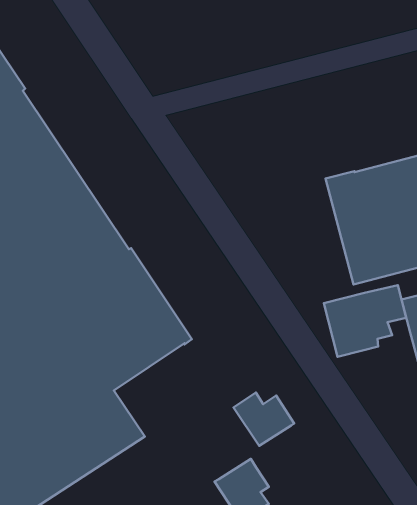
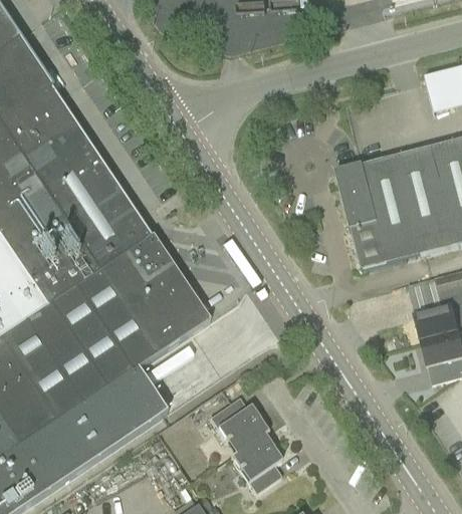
building: [324,285,406,357] -> none
building: [233,392,294,446] -> [210,401,267,451]

